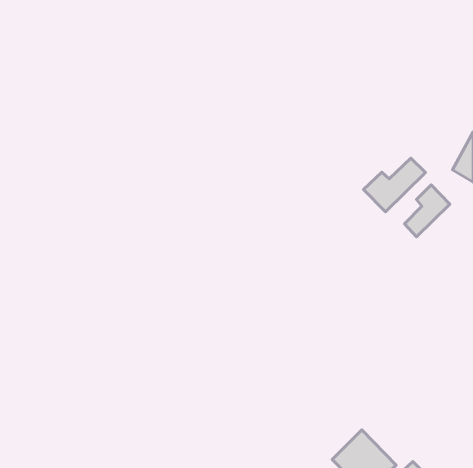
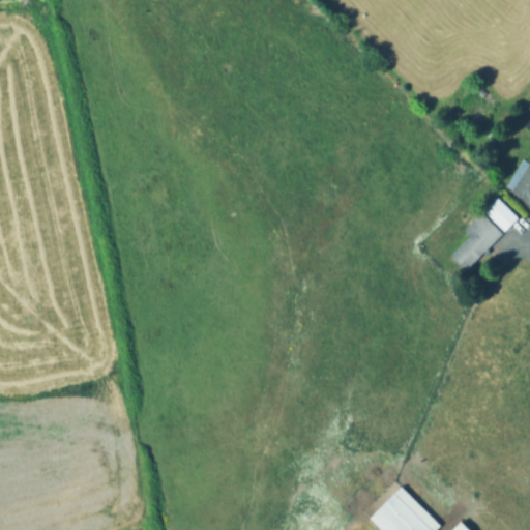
building: [363,158,426,212] -> none
building: none -> [485,198,519,232]

